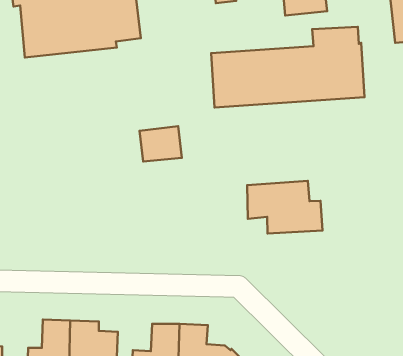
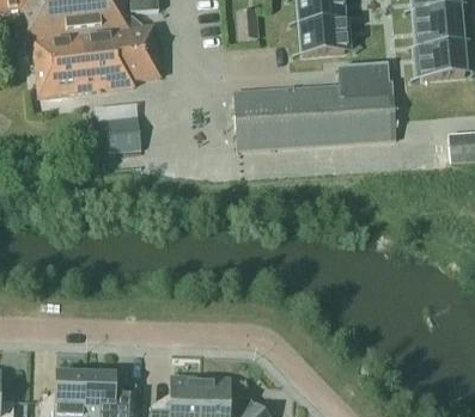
building: [140,126,182,161] -> [96,115,140,152]
building: [247,181,323,234] -> none

